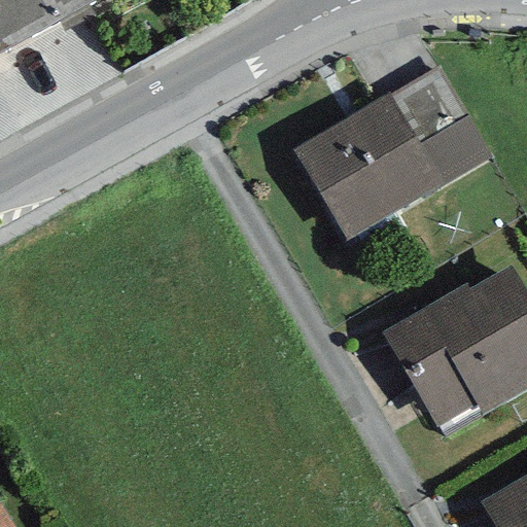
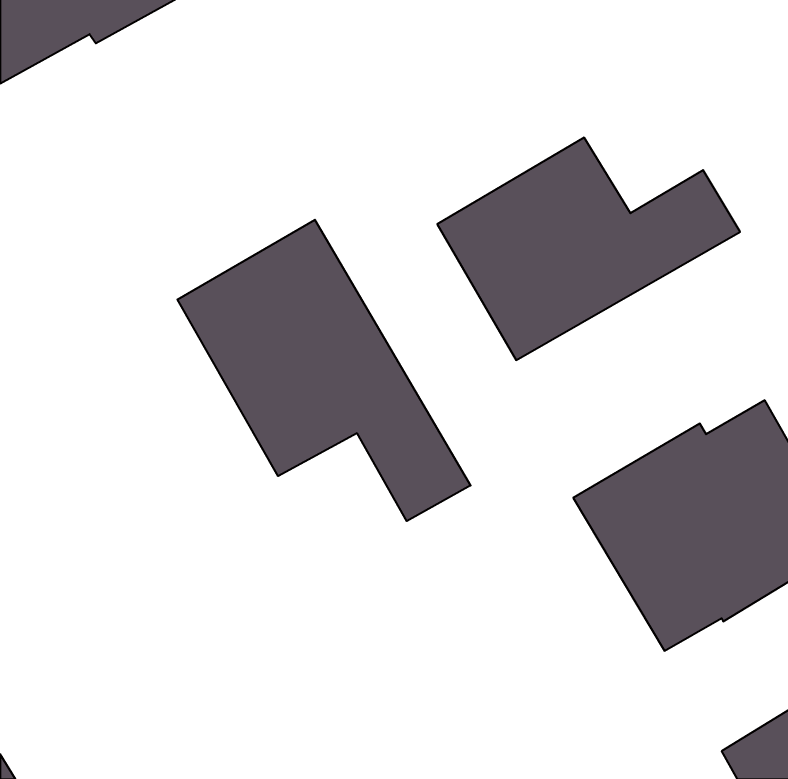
building: [390,63,469,142] -> none
building: none -> [177,220,471,521]

